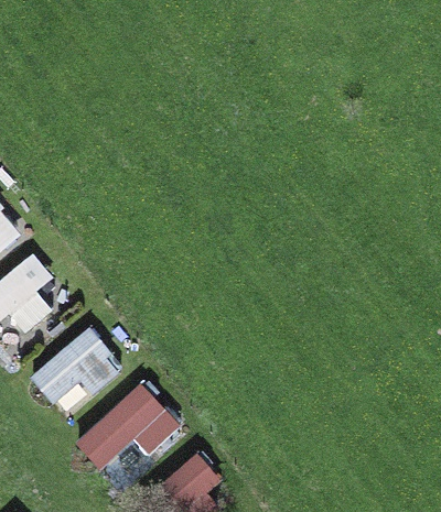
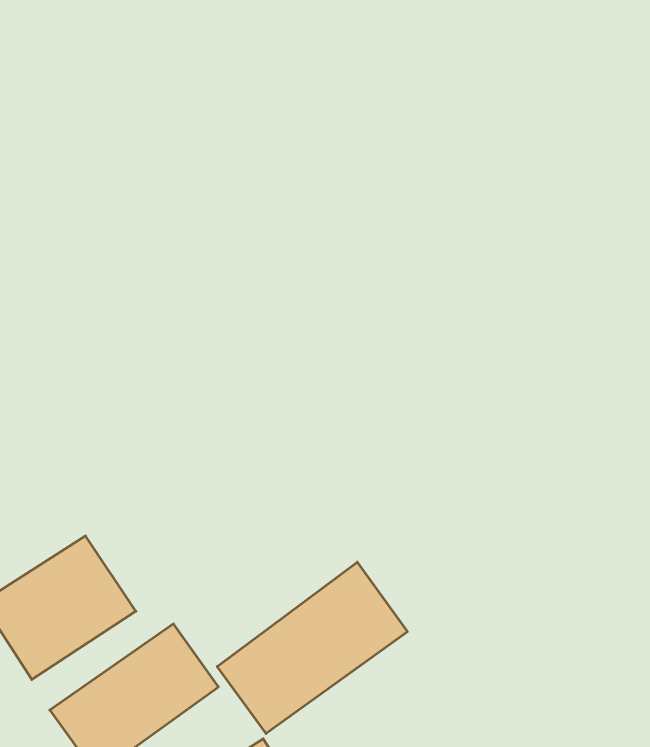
building: none -> [217,562,407,734]

